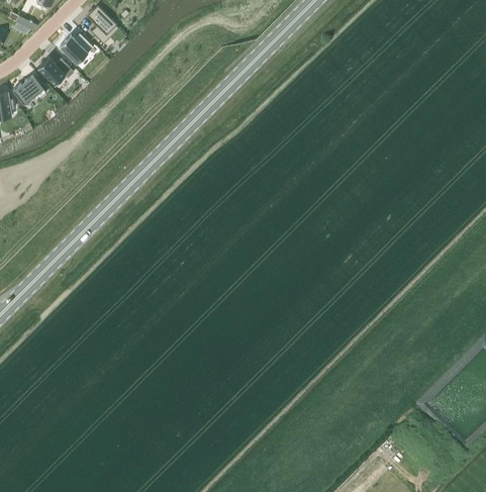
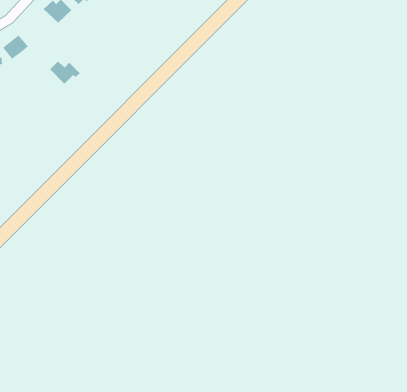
building: [37,56,74,85] -> [49,59,81,85]

